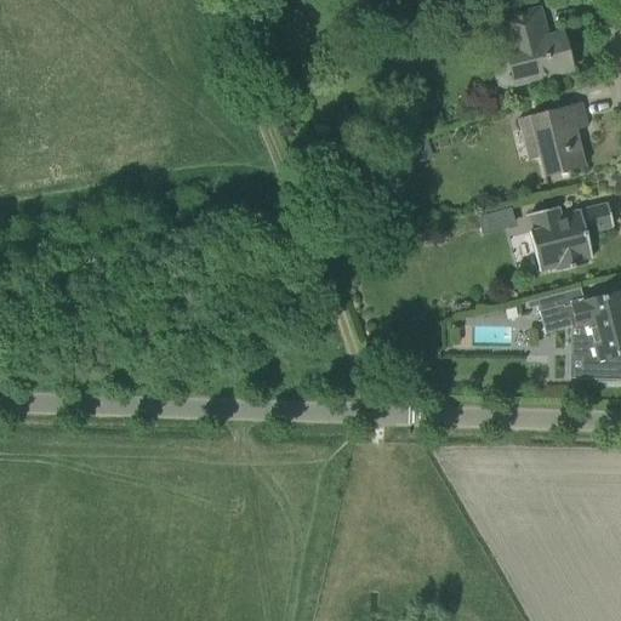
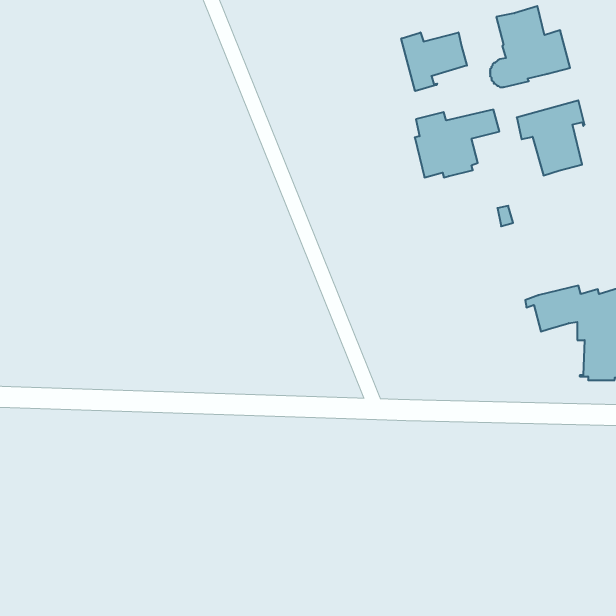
building: none -> [401,32,467,91]
building: [530,203,615,270] -> [415,110,499,177]

